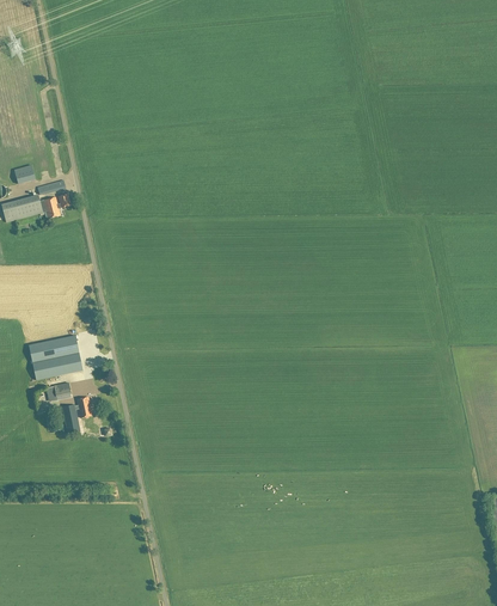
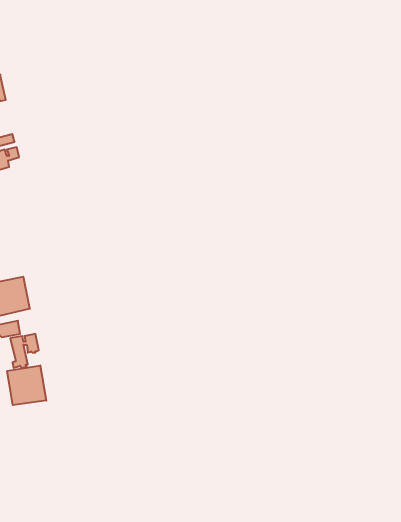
building: none -> [7,365,46,405]

